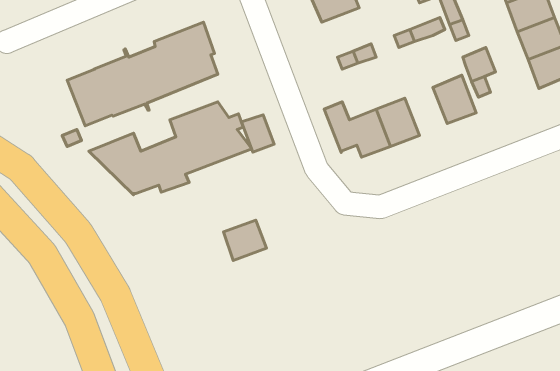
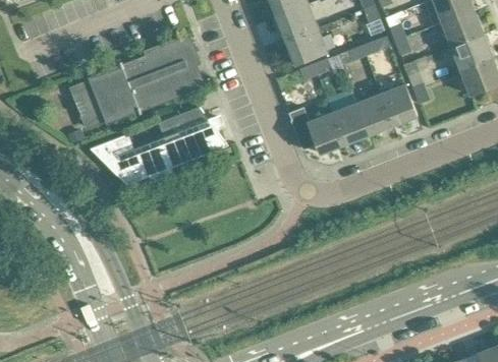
building: none -> [286,27,327,64]
building: none -> [356,95,392,135]
building: [241,115,274,152] -> none
building: [223,220,267,261] -> none

